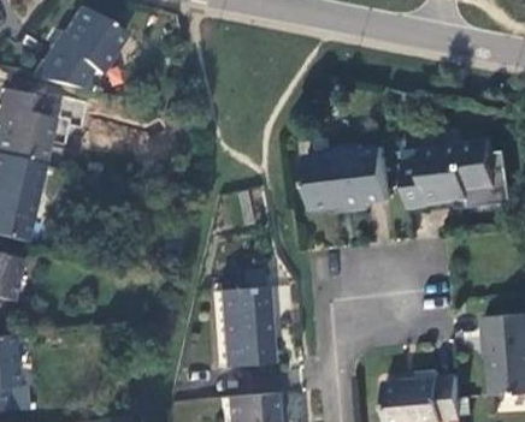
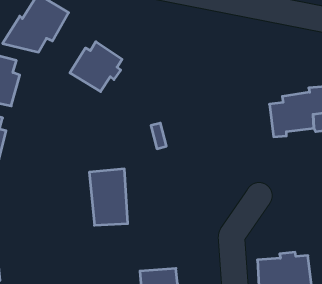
building: none -> [70,42,122,92]
building: [308,143,391,208] -> none
building: [216,286,270,365] -> [89,169,128,225]

